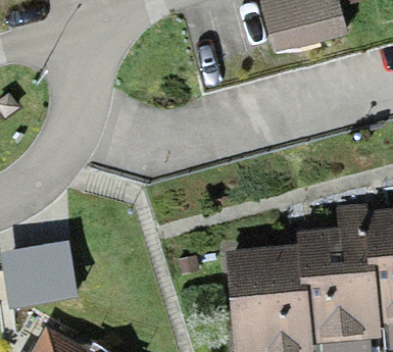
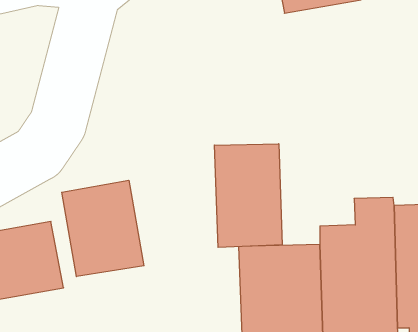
building: none -> [214,144,282,247]
building: none -> [62,180,144,277]

